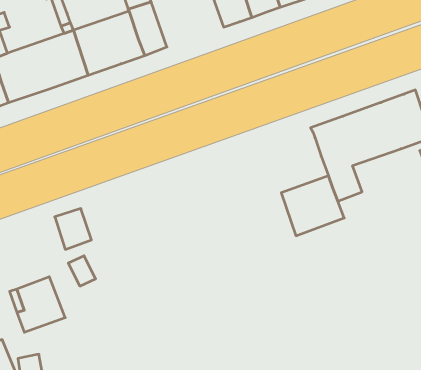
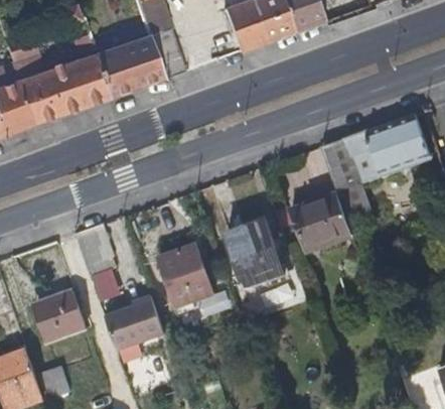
building: none -> [227,220,285,288]
building: none -> [160,245,212,305]
building: none -> [105,301,167,356]

